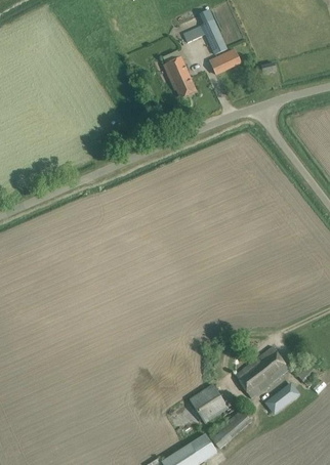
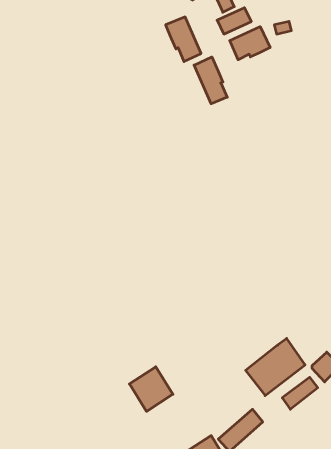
building: none -> [230,27,270,60]
building: none -> [194,57,227,104]
building: [189,384,228,424] -> [129,367,173,411]

